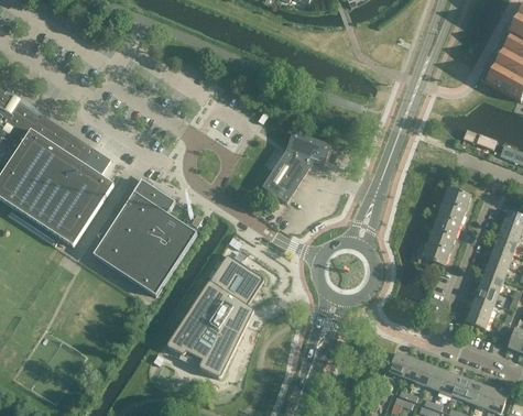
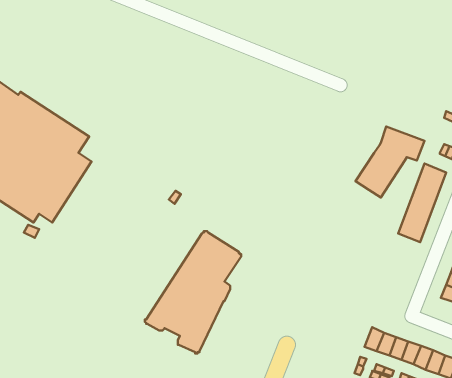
building: [261,131,330,202] -> [356,127,424,197]
building: [92,179,196,295] -> none

